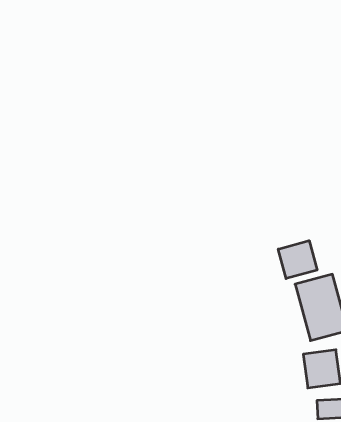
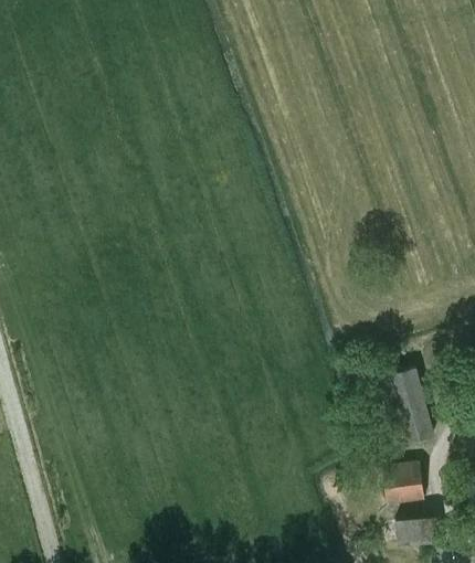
building: [278,241,317,279] -> none

